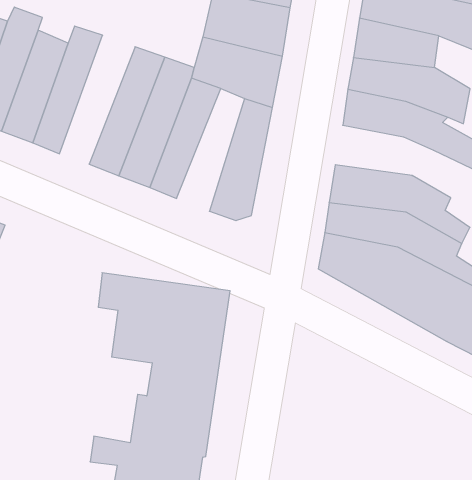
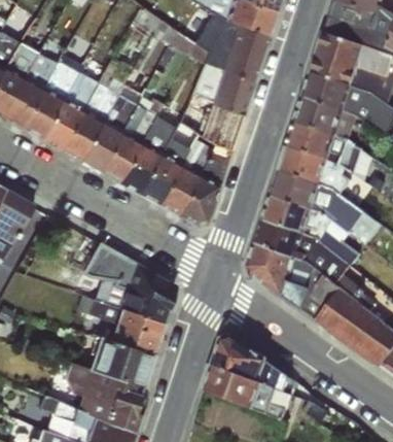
building: none -> [78,81,142,170]
building: none -> [155,131,213,215]
building: none -> [270,169,357,231]
building: none -> [209,340,306,417]

